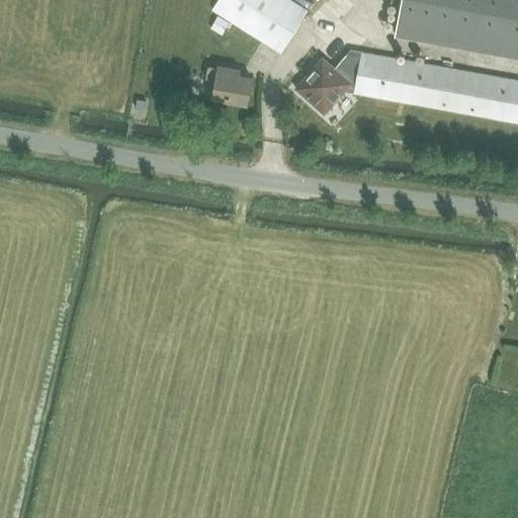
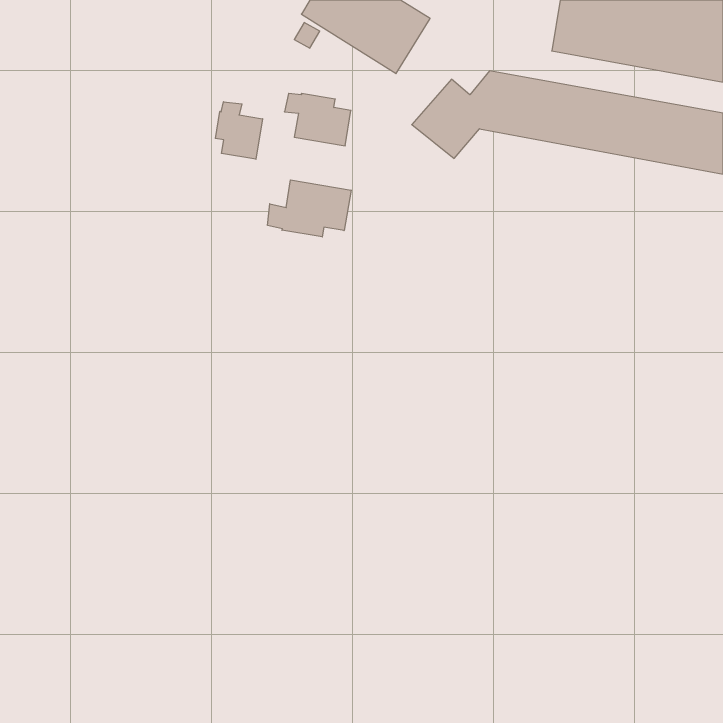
building: none -> [215,102,263,159]
building: none -> [268,180,351,237]

